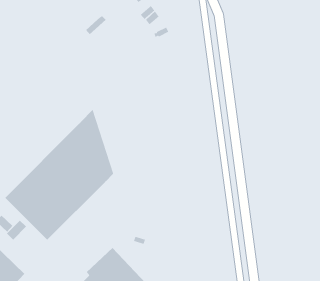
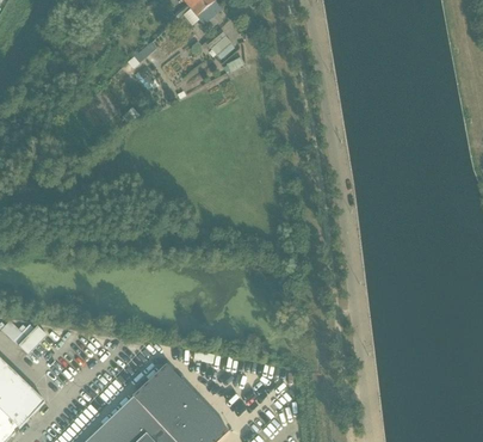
building: [4,109,114,240] -> none

